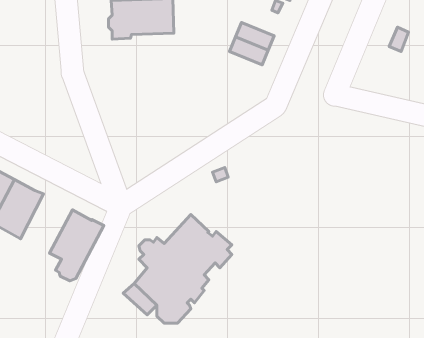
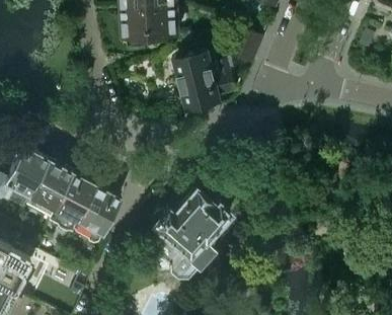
building: none -> [176,46,236,109]
building: none -> [50,172,93,222]

